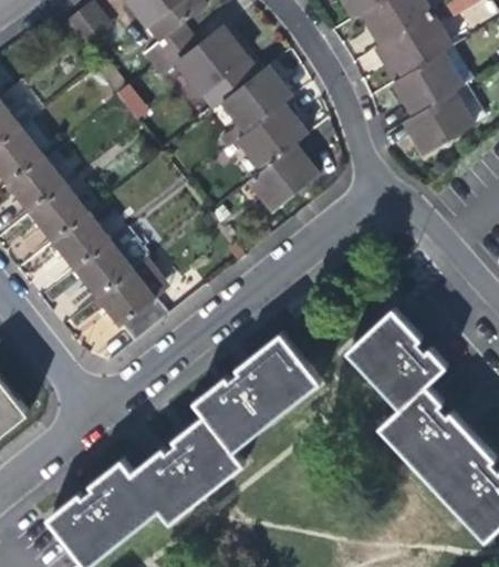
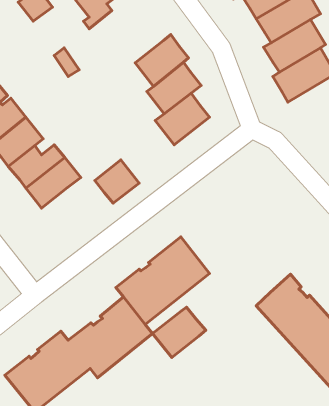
building: [159,28,258,111] -> none
building: [96,269,155,327] -> [95,160,139,203]
building: [346,308,445,409] -> none
building: none -> [153,307,206,357]

